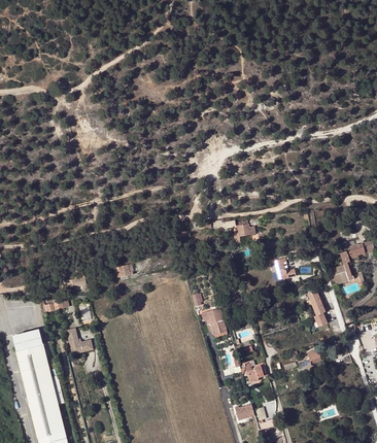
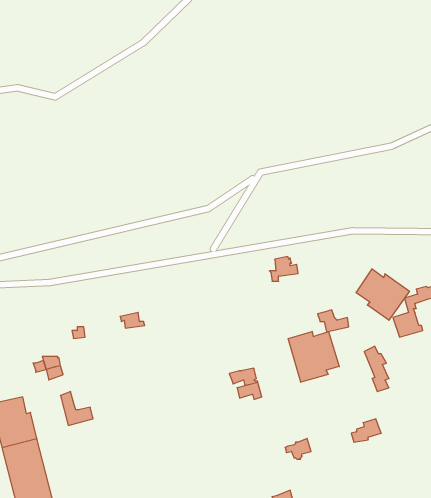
building: none -> [356,269,409,320]
building: none -> [288,331,339,382]

